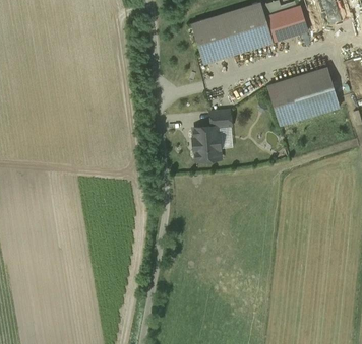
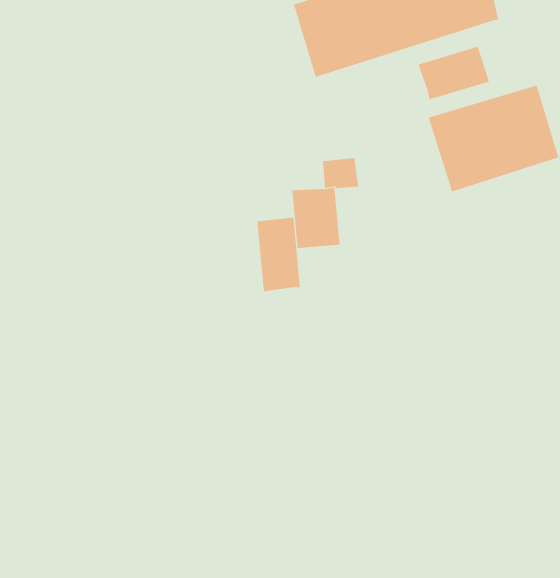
building: none -> [418,46,490,100]
building: none -> [257,217,301,292]

